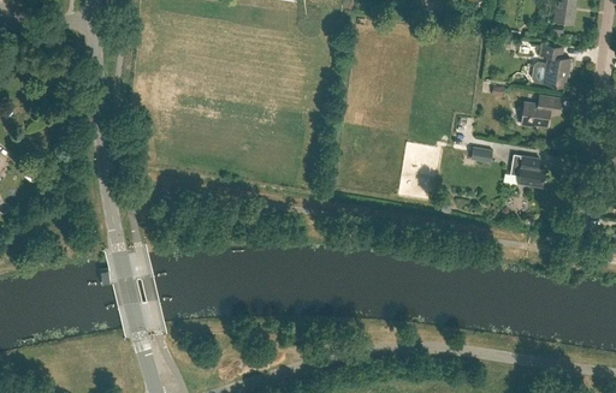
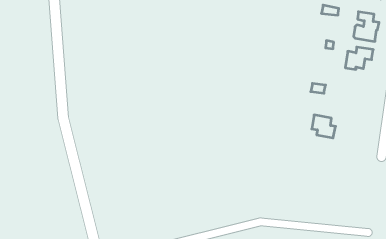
building: [510,154,545,187] -> [312,115,336,138]

